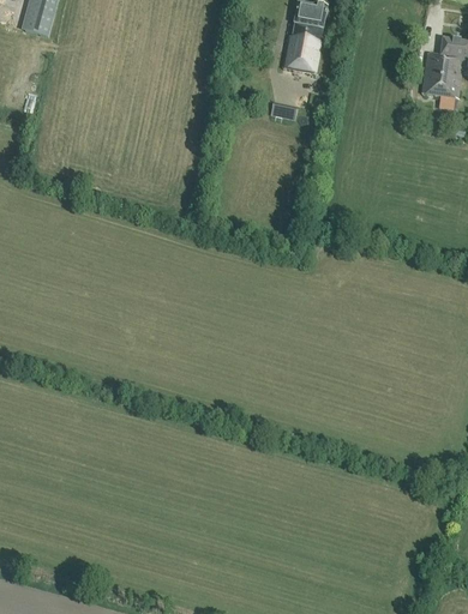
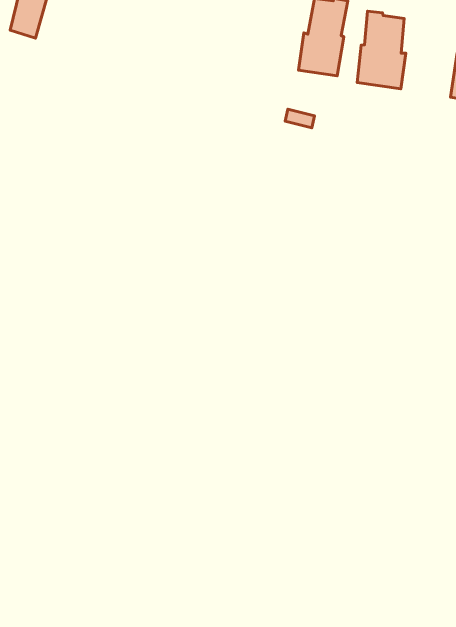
building: none -> [357,11,406,89]

